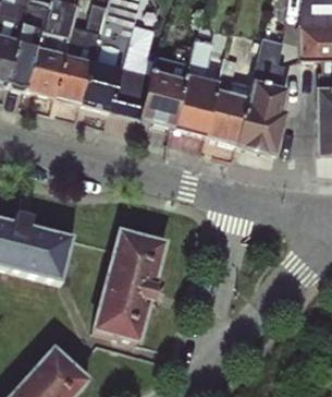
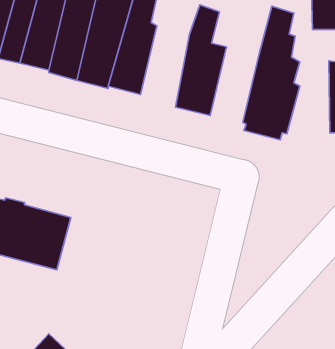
building: [140,55,186,131] -> none
building: [206,74,251,145] -> none
building: [90,226,167,344] -> none

